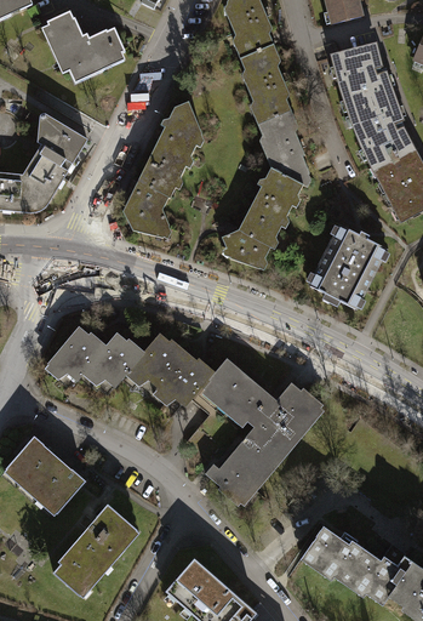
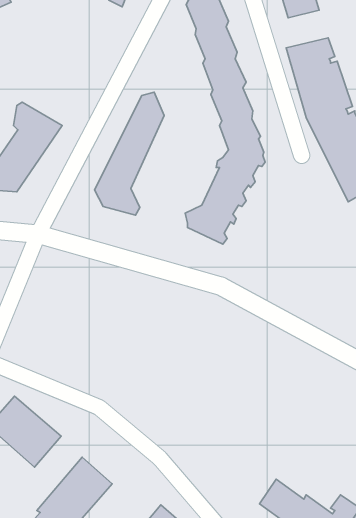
building: [41,12,125,82] -> none
building: [307,228,384,313] -> none
building: [44,324,325,506] -> none

